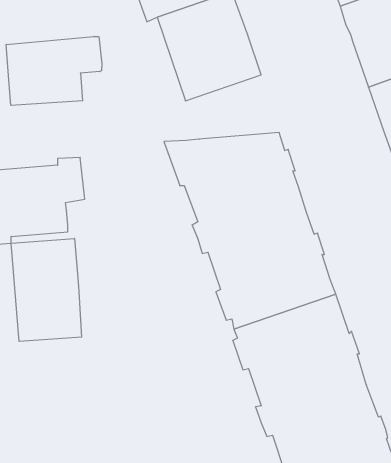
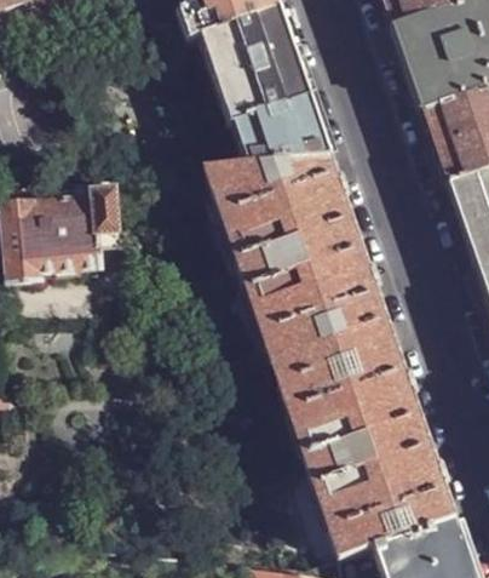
building: [6,36,102,105] -> none
building: none -> [231,102,333,171]
building: [11,238,82,341] -> none

